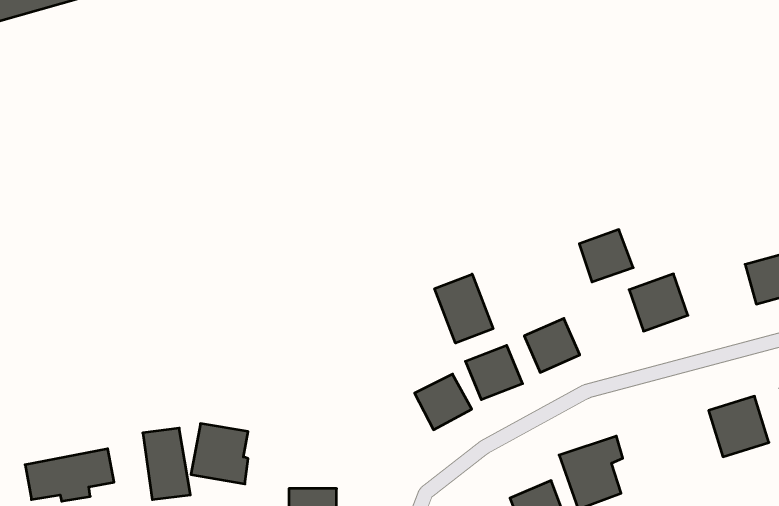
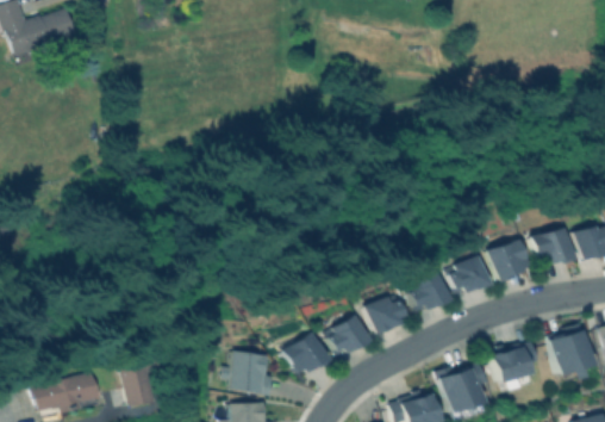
building: [579,230,633,282] -> [448,257,488,297]
building: none -> [532,229,573,271]
building: [435,274,493,343] -> none
building: none -> [283,333,331,379]
building: none -> [489,341,535,385]
building: [191,424,248,484] -> [229,349,272,395]

